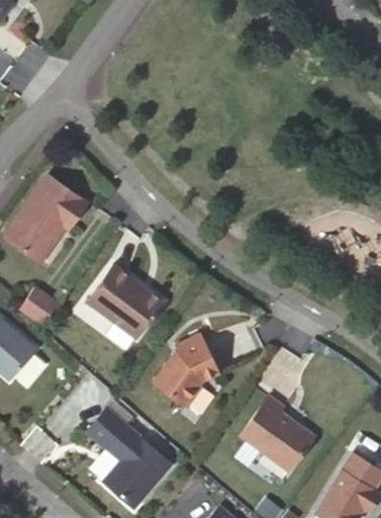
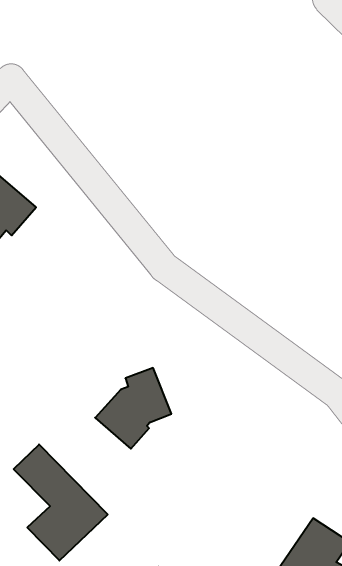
building: [86,264,164,339] -> none
building: [247,396,316,470] -> none

